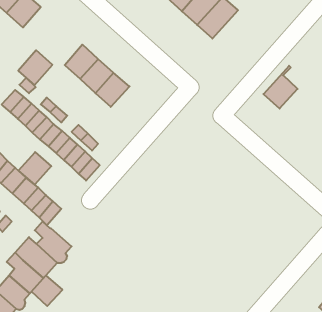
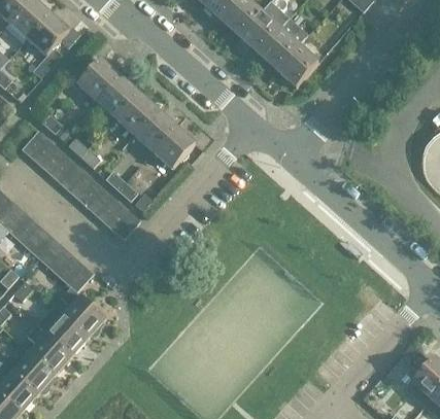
building: [18,50,52,85] -> [77,58,119,100]
building: [263,66,298,109] -> [275,34,316,85]
building: none -> [153,126,195,168]
building: [19,152,51,185] -> none
building: [32,276,62,306] -> none

